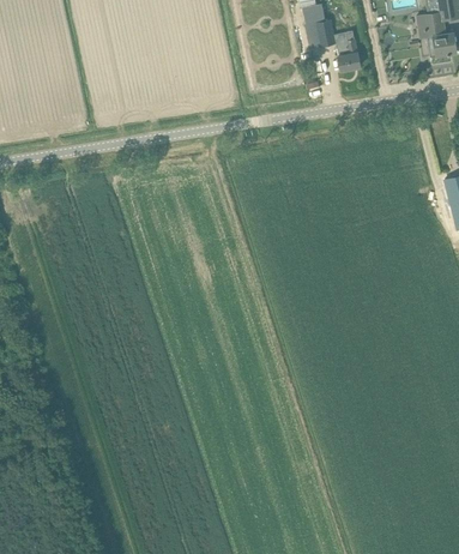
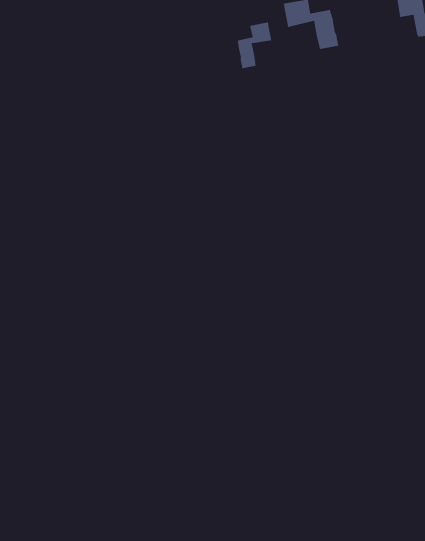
building: none -> [237,21,272,69]

